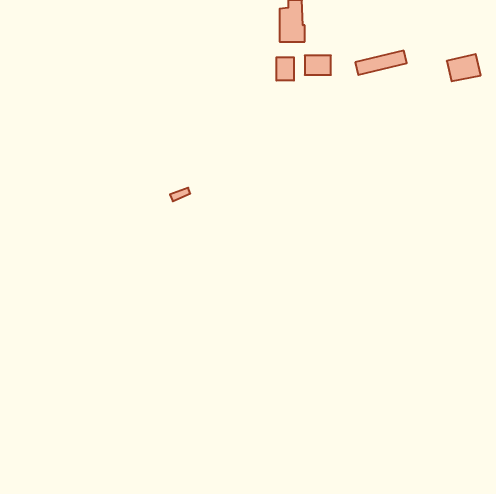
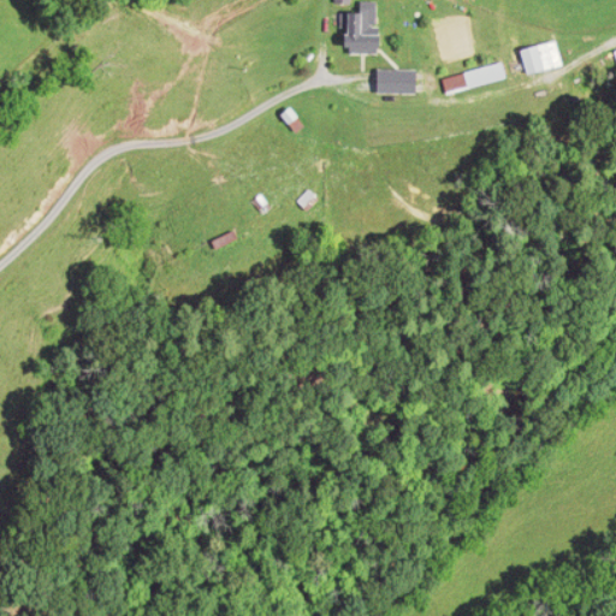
building: [447,54,481,81] -> [519,40,561,73]
building: [276,57,294,81] -> none

